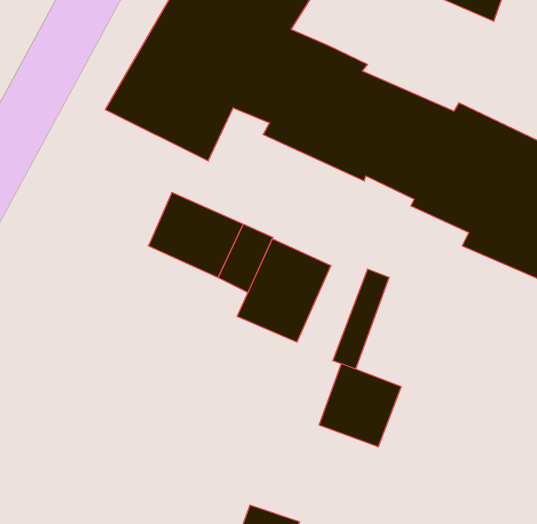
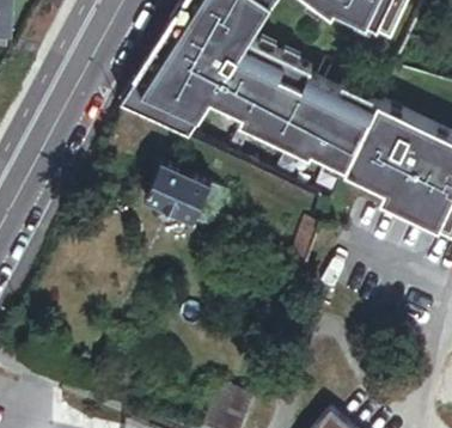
building: [237,239,331,342] -> none
building: [319,364,401,447] -> none

